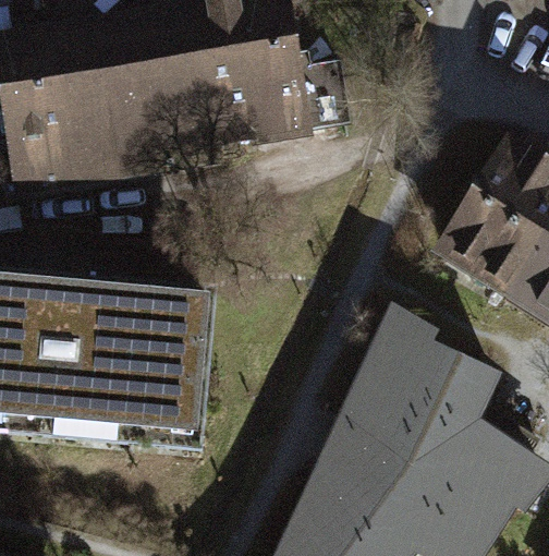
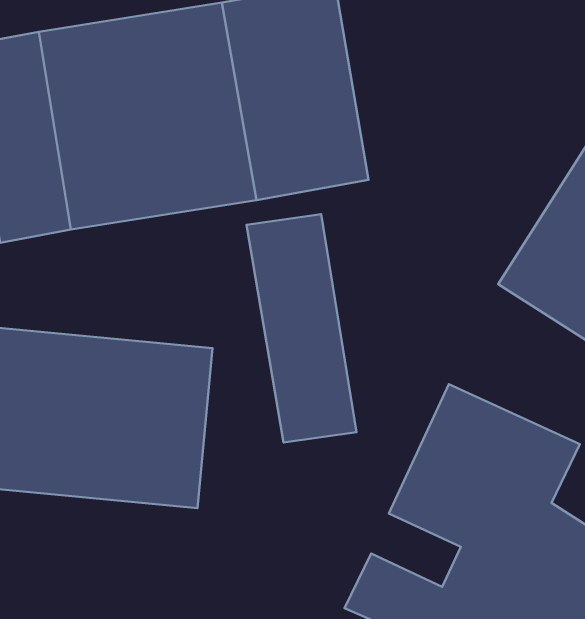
building: none -> [247,214,357,443]

